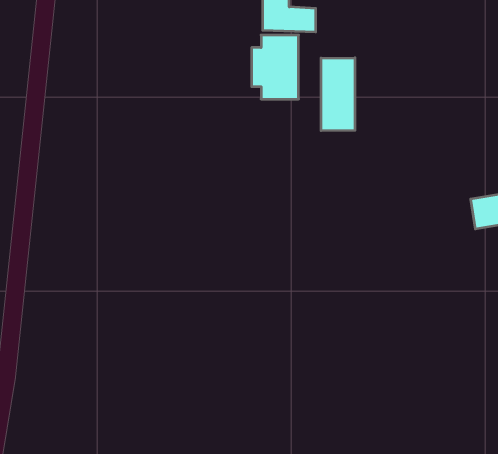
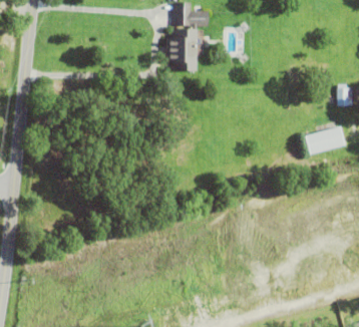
building: [321,58,355,131] -> none

